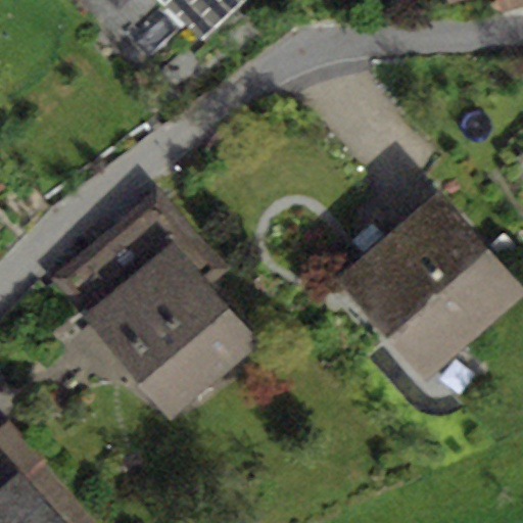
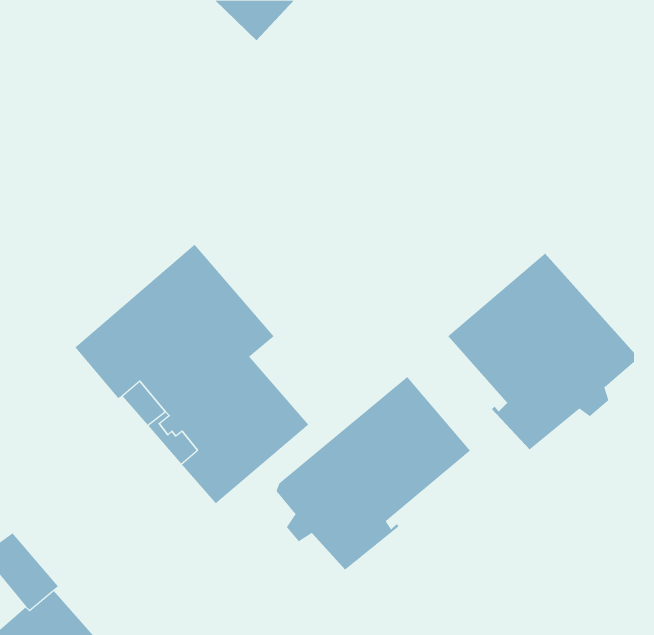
building: none -> [276,376,471,570]

